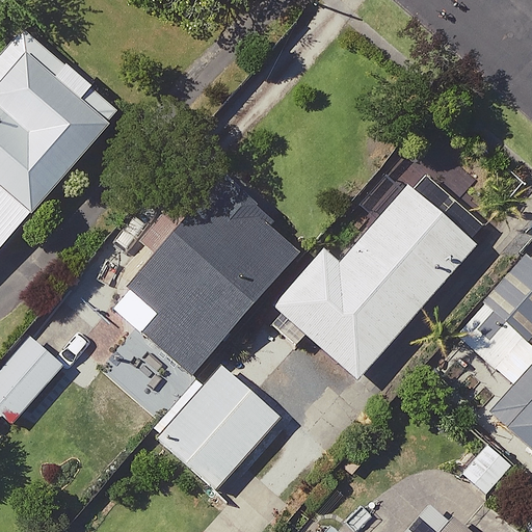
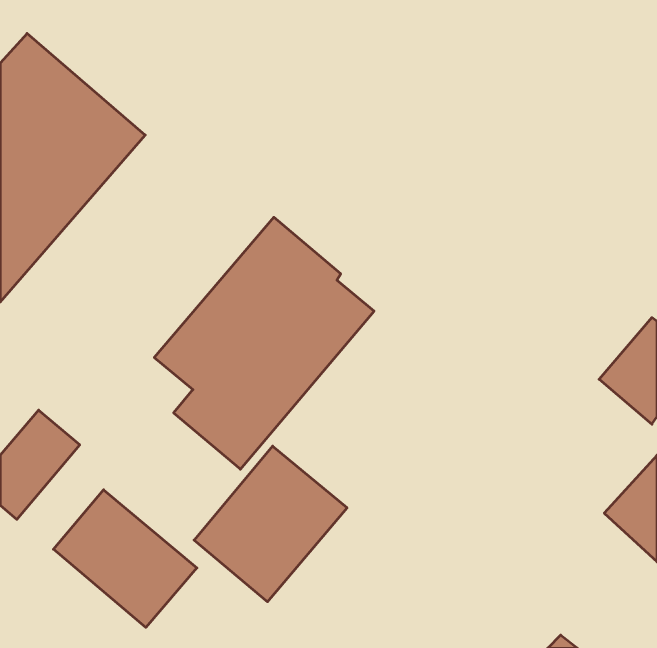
building: [272,186,475,381] -> none
building: none -> [53,490,197,627]

